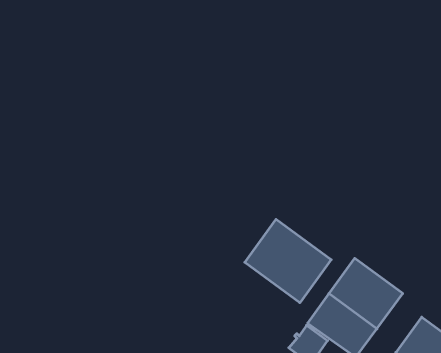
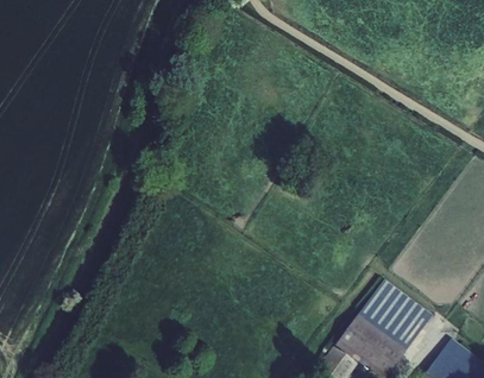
building: [245,219,331,303] -> none

